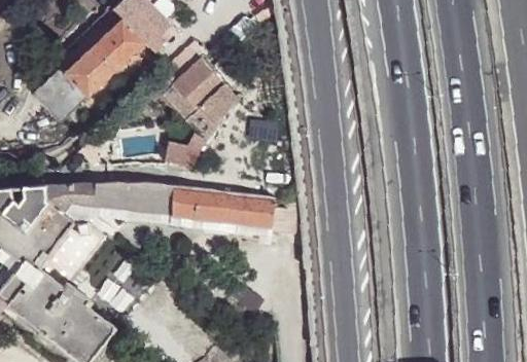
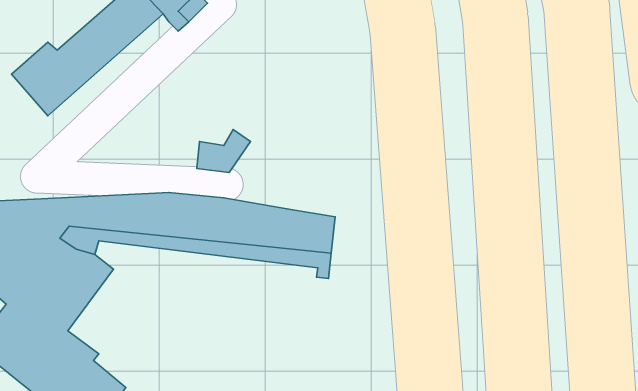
building: [169,60,238,121] -> none

